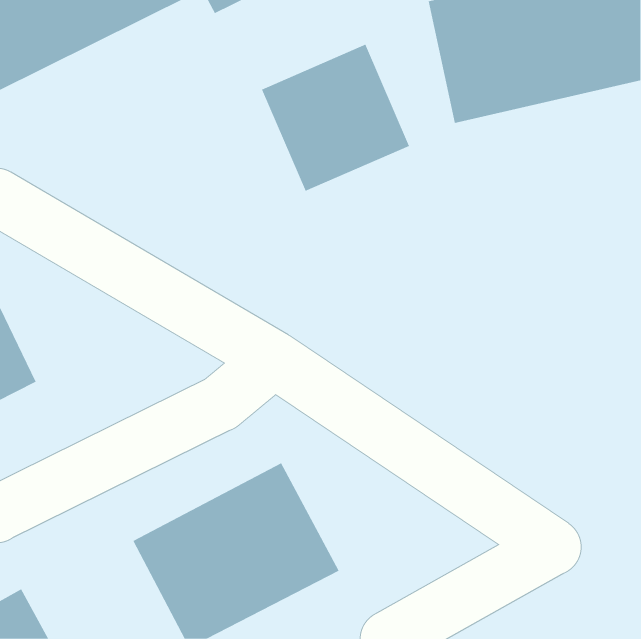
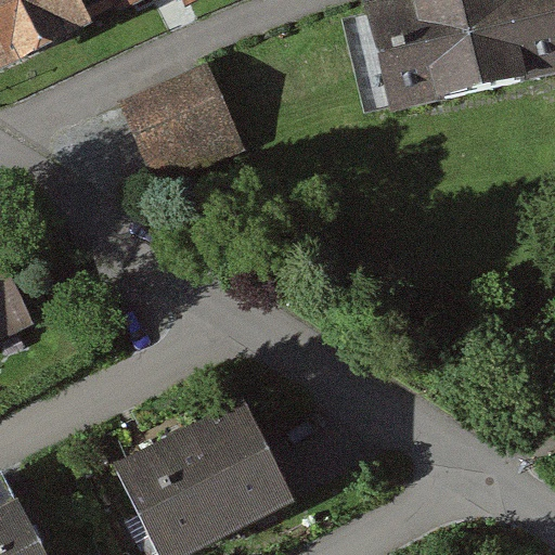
building: [261,44,410,191] -> [115,59,243,185]

